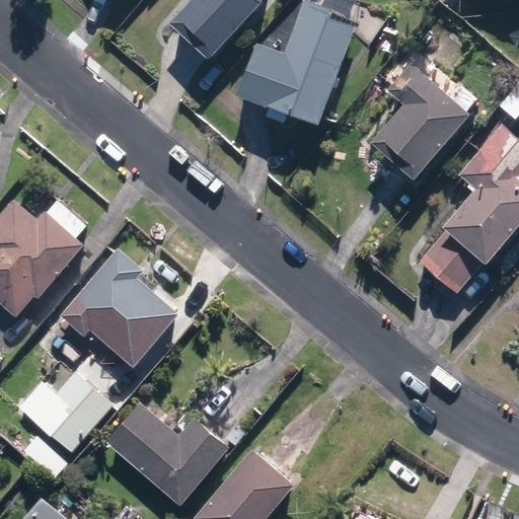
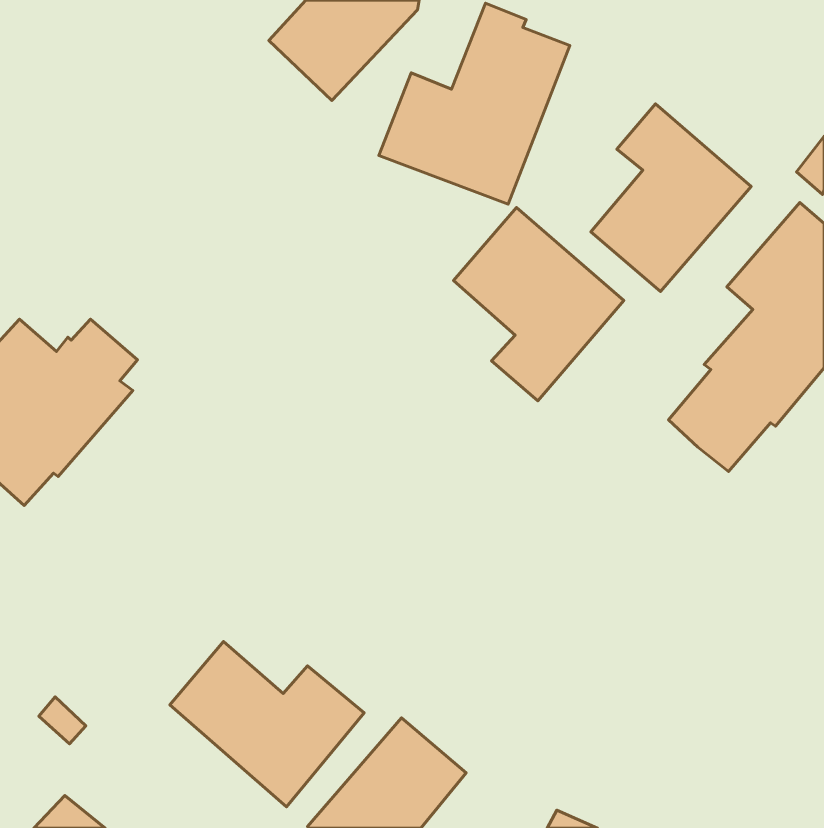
building: none -> [453,208,624,401]
building: [65,265,170,367] -> none
building: [32,371,113,452] -> none

